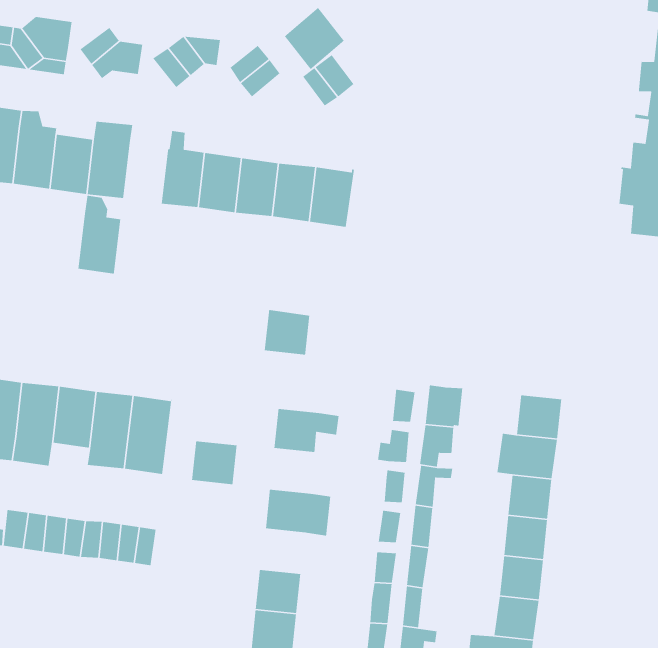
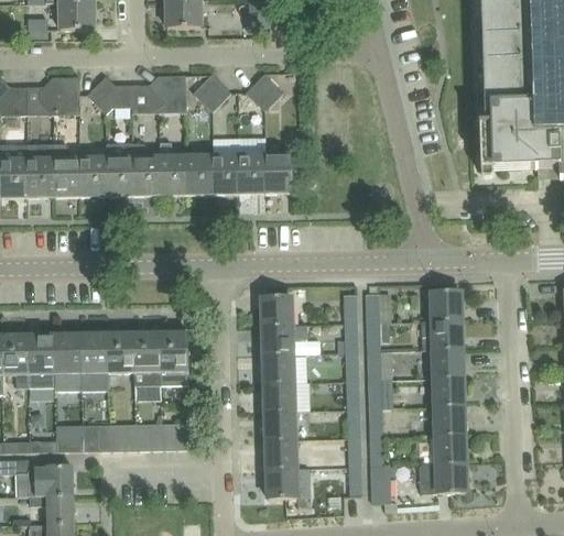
building: [284,7,345,70] -> none
building: [78,195,121,274] -> [132,142,160,195]
building: [264,309,310,355] -> [261,296,292,326]
building: [191,440,237,485] -> [263,353,294,383]
building: none -> [265,411,295,440]

